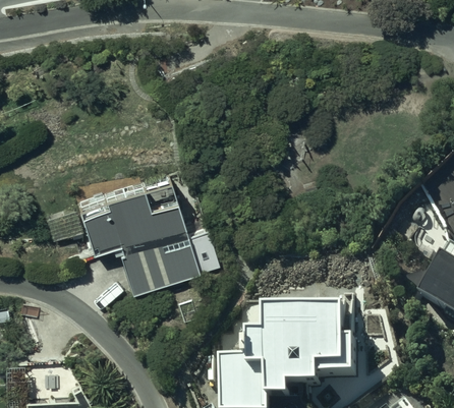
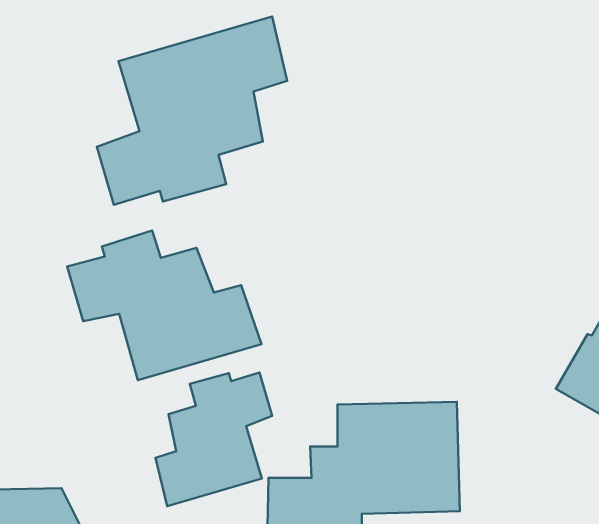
building: none -> [97,16,287,205]
building: none -> [156,372,272,506]

